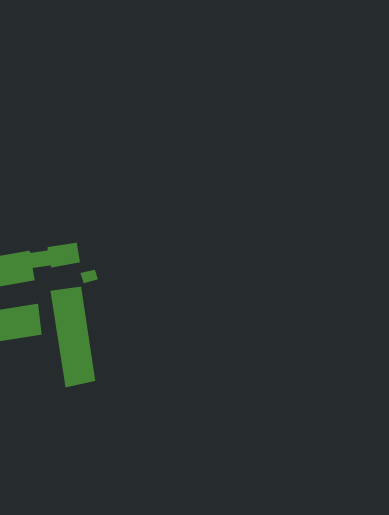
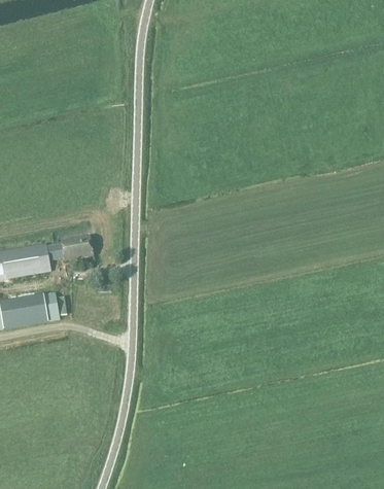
building: [50,286,96,388] -> none

